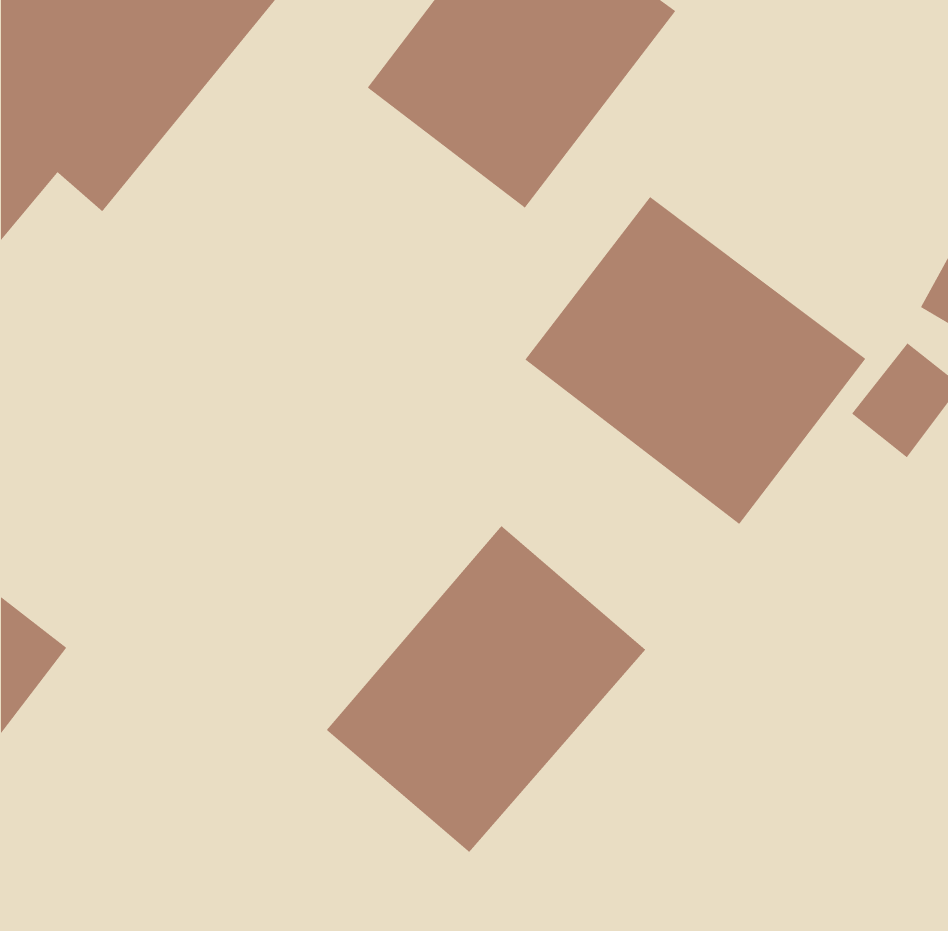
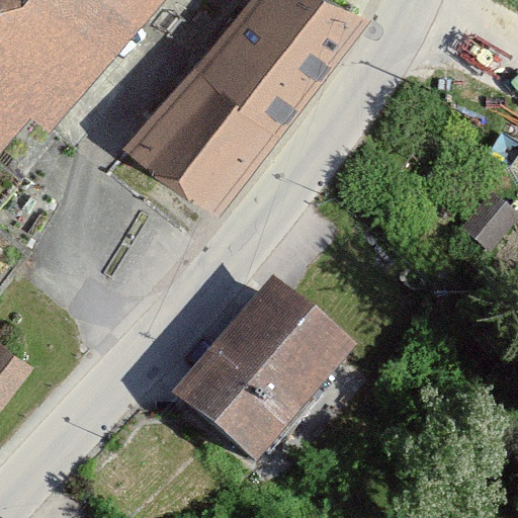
building: none -> [136,48,287,199]
building: [525,196,866,525] -> none

